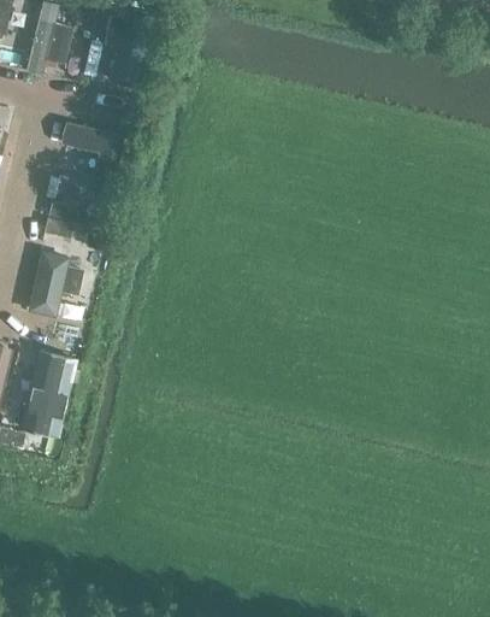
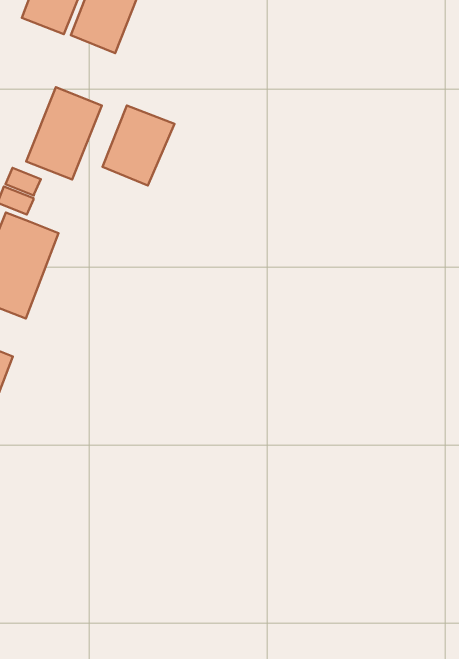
building: none -> [102,105,174,185]

